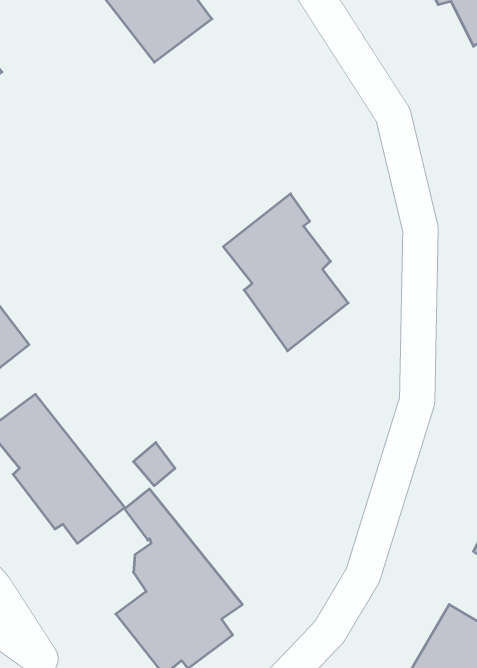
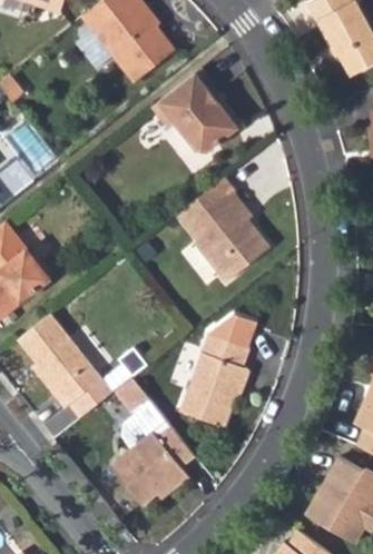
building: none -> [154,63,241,156]
building: none -> [180,314,251,425]

